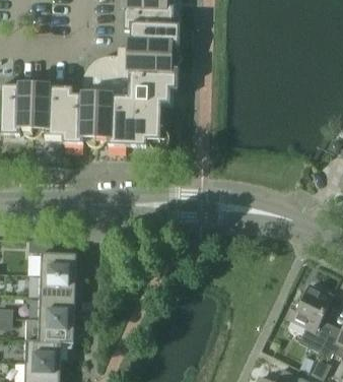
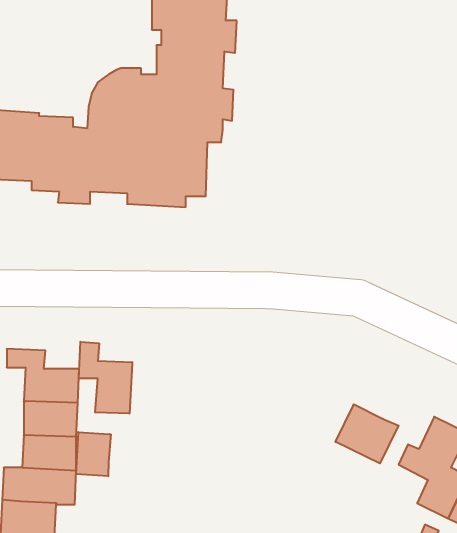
building: none -> [79,342,132,414]
building: none -> [335,404,399,463]
building: none -> [76,432,111,476]

